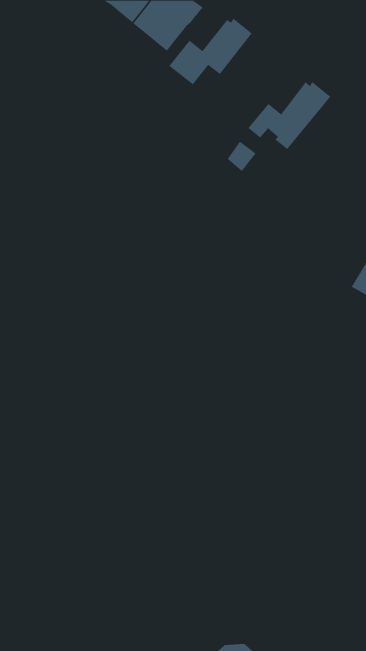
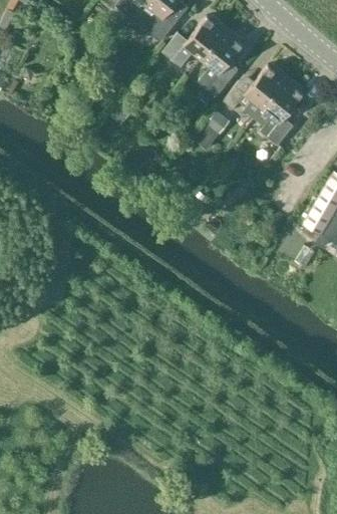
building: none -> [199,28,243,96]
building: none -> [255,77,304,146]

